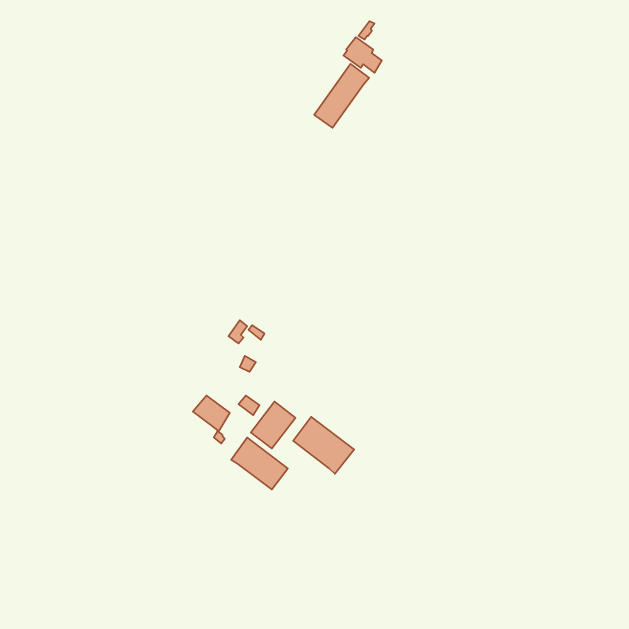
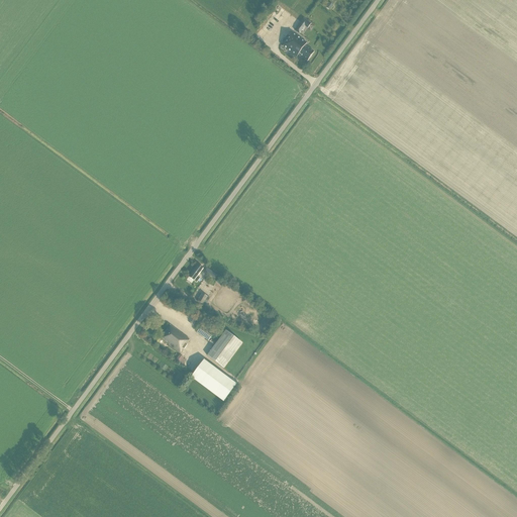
building: [314,64,369,128] -> none
building: [293,417,354,474] -> none

